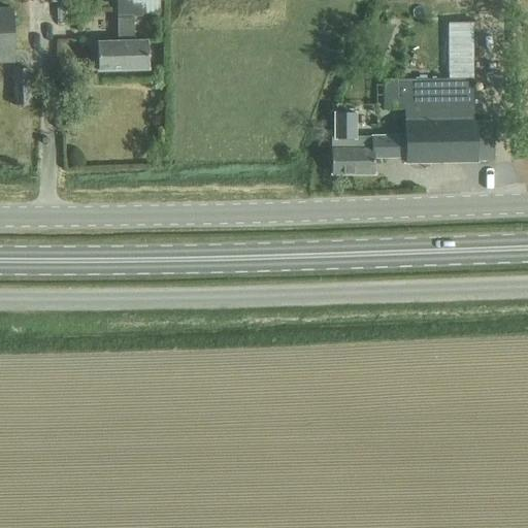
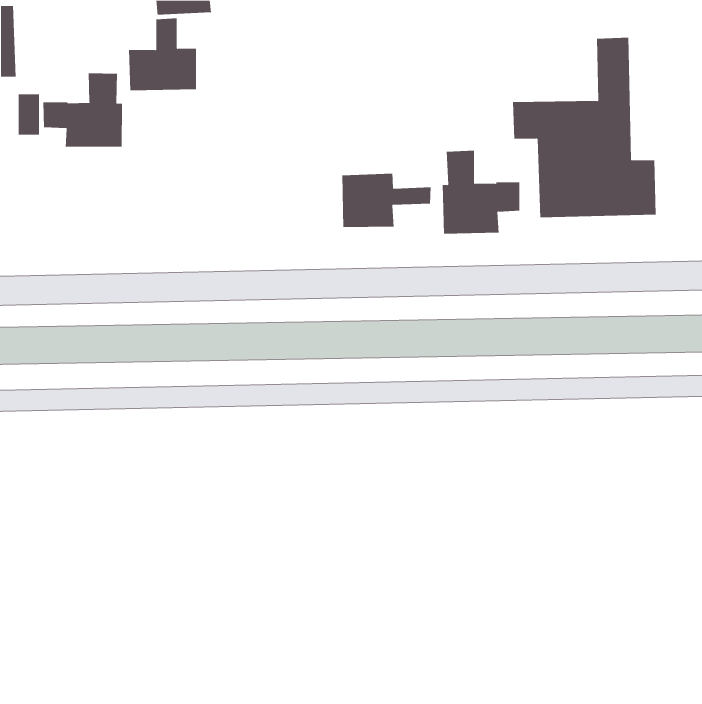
building: none -> [43,73,122,147]
building: none -> [342,173,431,228]

